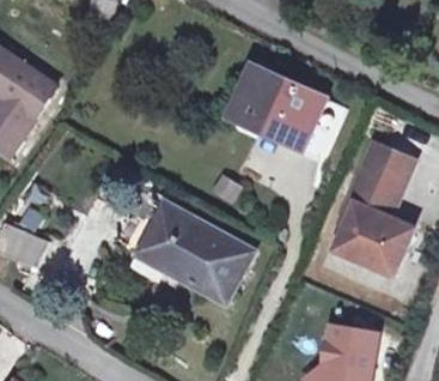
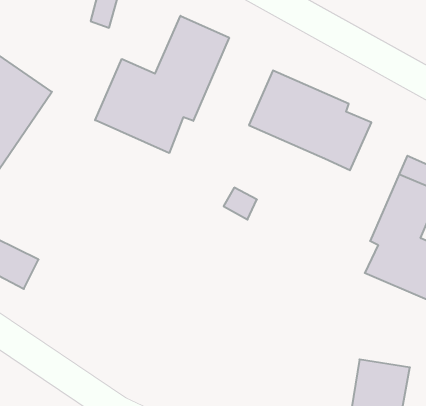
building: none -> [95,16,229,153]
building: [138,204,249,300] -> none

